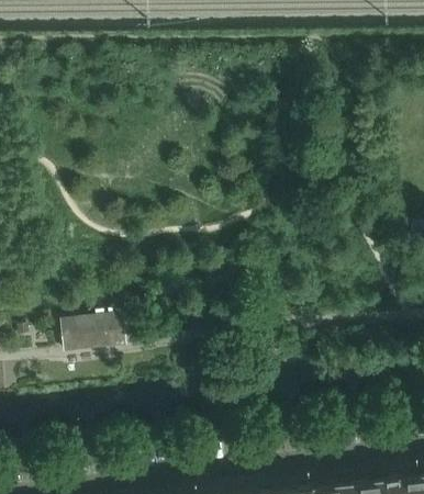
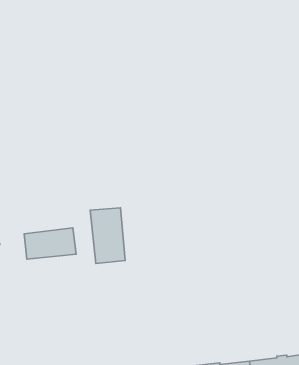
building: none -> [90,208,125,264]

